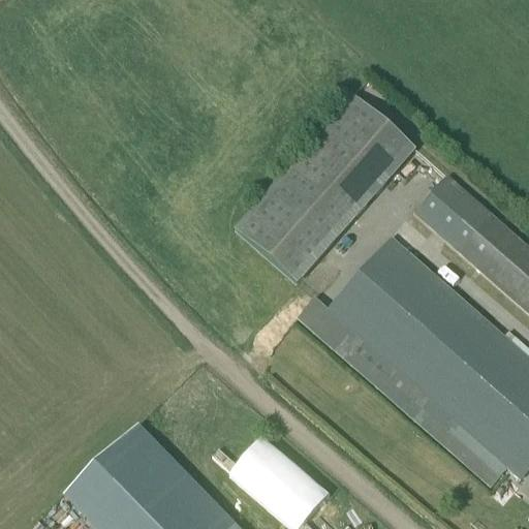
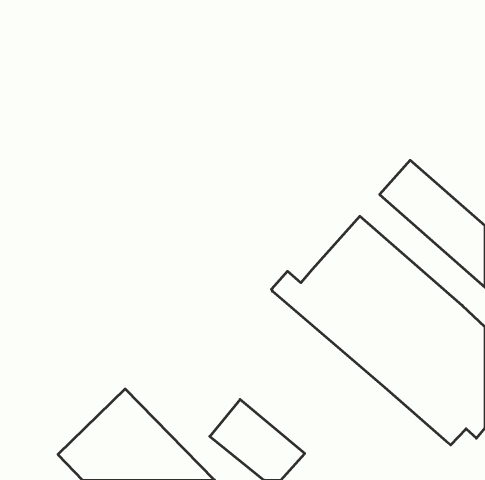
building: [234,92,415,282] -> none

